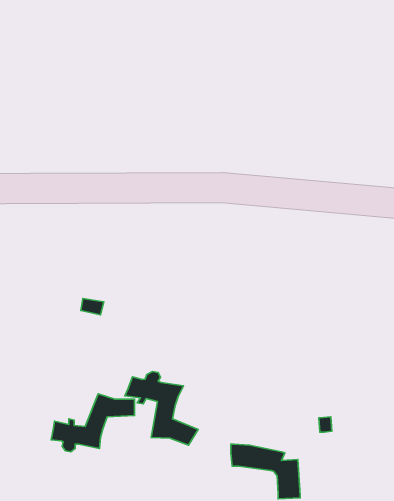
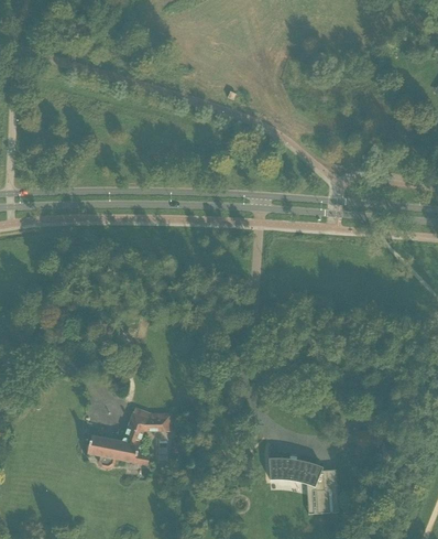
building: [125,372,198,445] -> none

